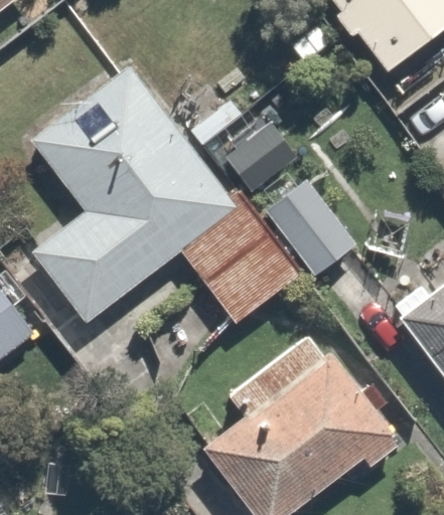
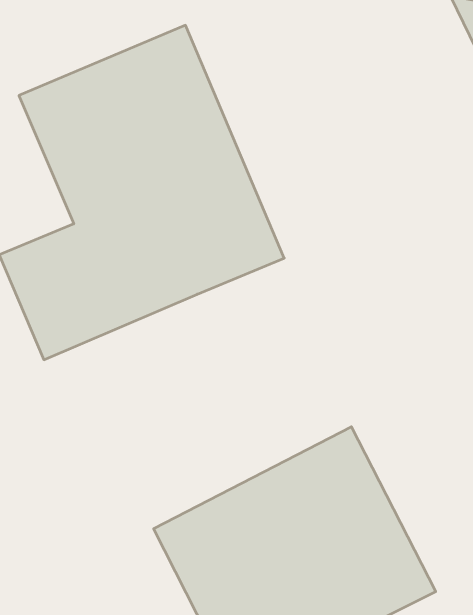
building: [184,170,360,323] -> none

